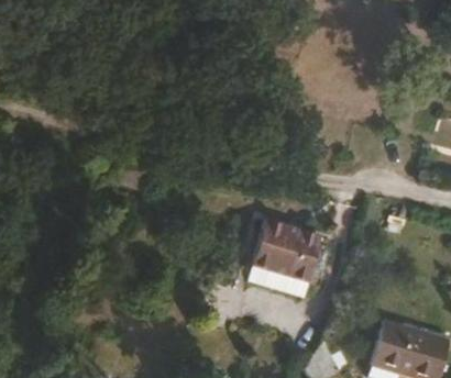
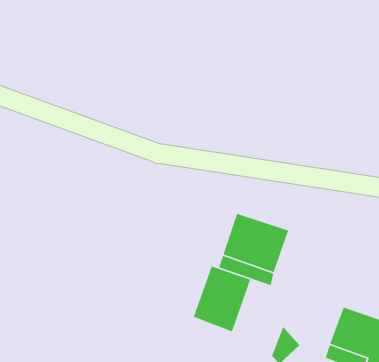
building: none -> [193,266,251,333]

